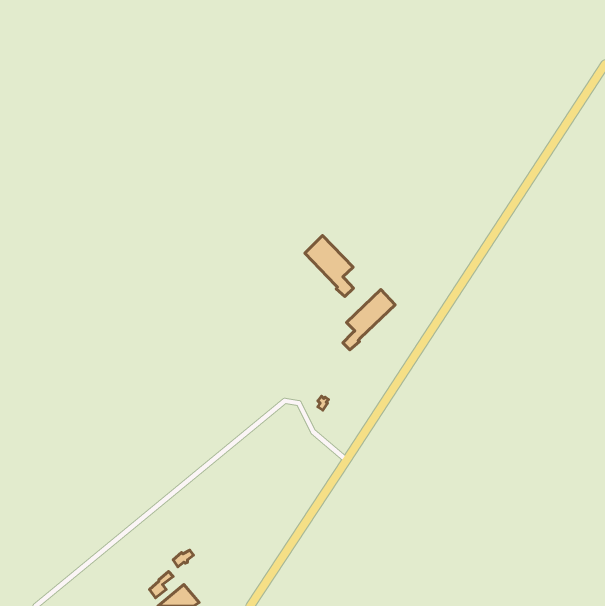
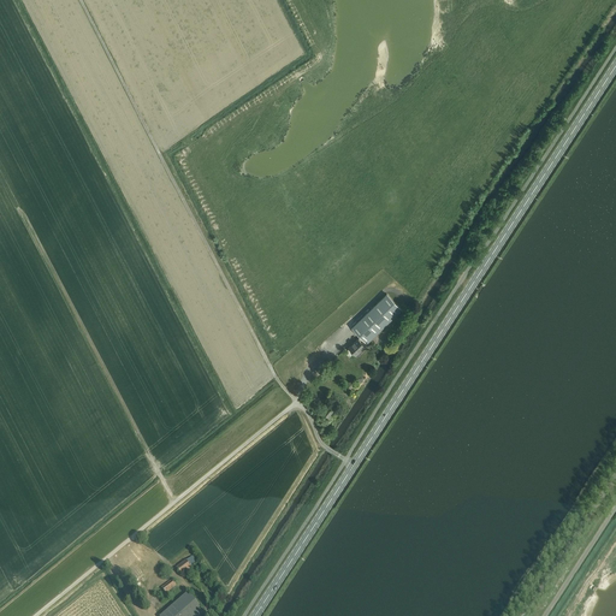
building: [305,235,353,297] -> none

